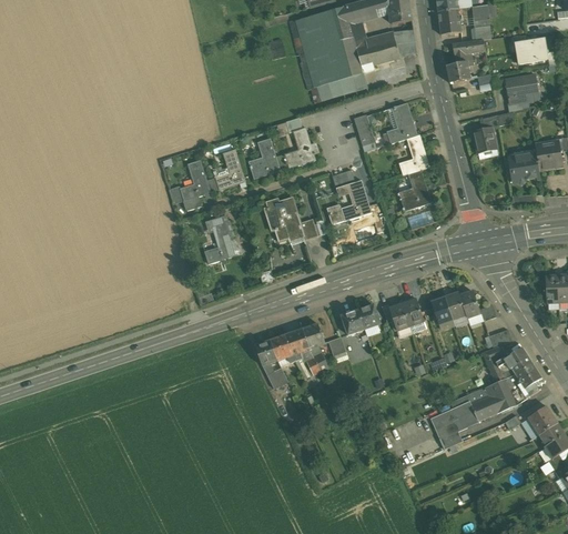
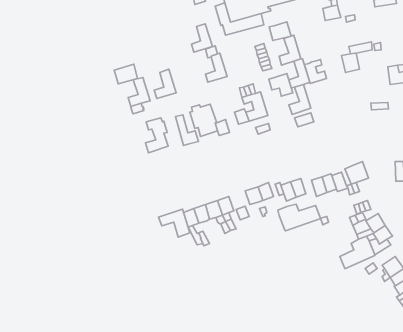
building: [504,73,537,103] -> none
building: none -> [269,22,291,41]
building: none -> [304,59,326,84]
building: [251,139,280,178] -> [191,24,213,52]
building: none -> [114,64,137,84]
building: [510,153,539,184] -> none
building: none -> [269,74,293,96]
building: none -> [175,115,199,145]
building: none -> [345,162,368,184]
building: none -> [278,204,320,231]
building: none -> [159,209,190,237]
building: [432,402,477,437] -> none

